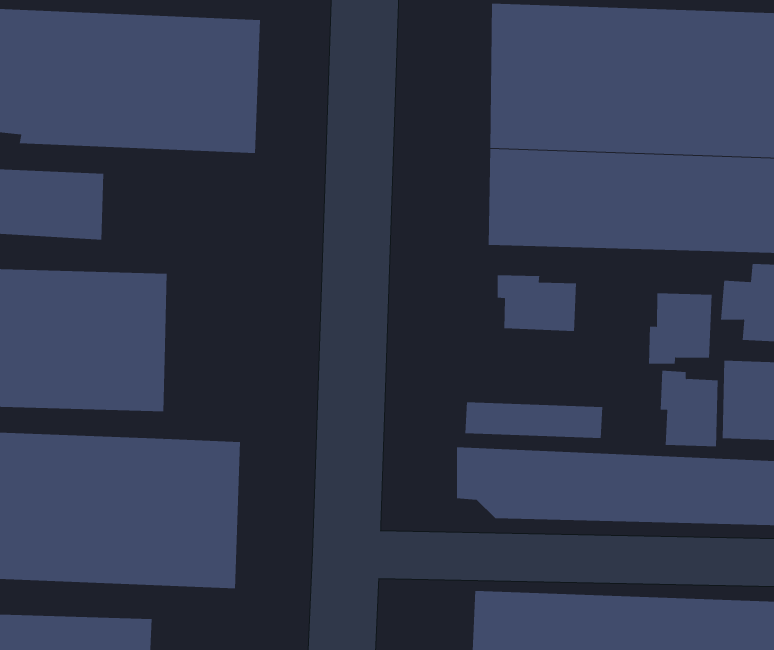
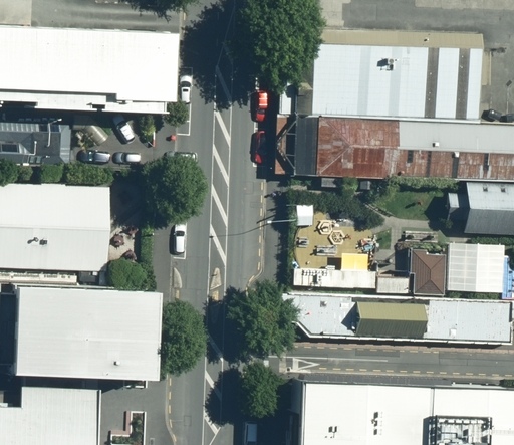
building: [497,274,576,332] -> none
building: [649,292,712,364] -> none

